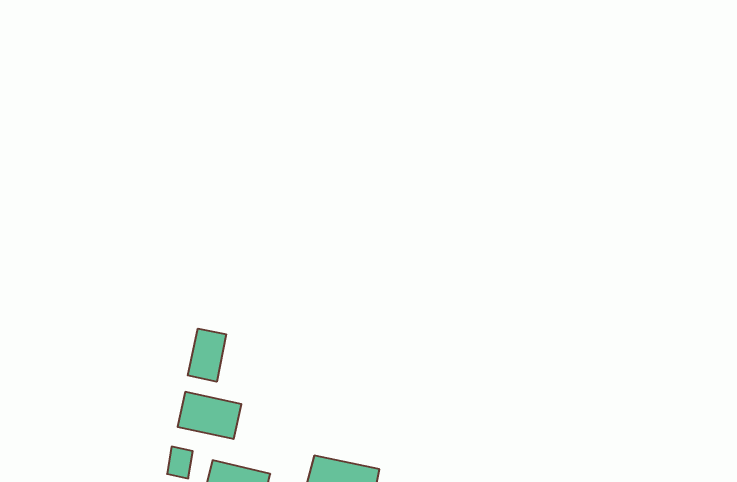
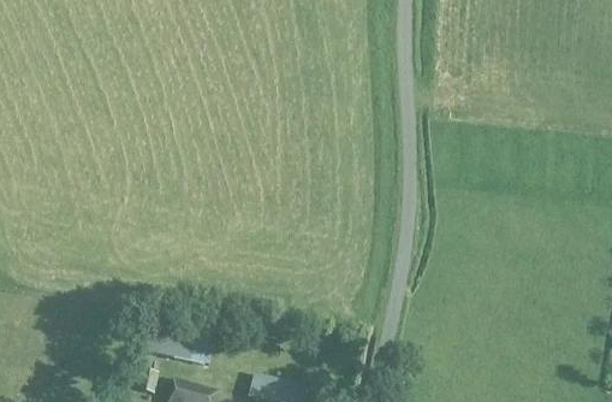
building: [188,329,226,382] -> none

